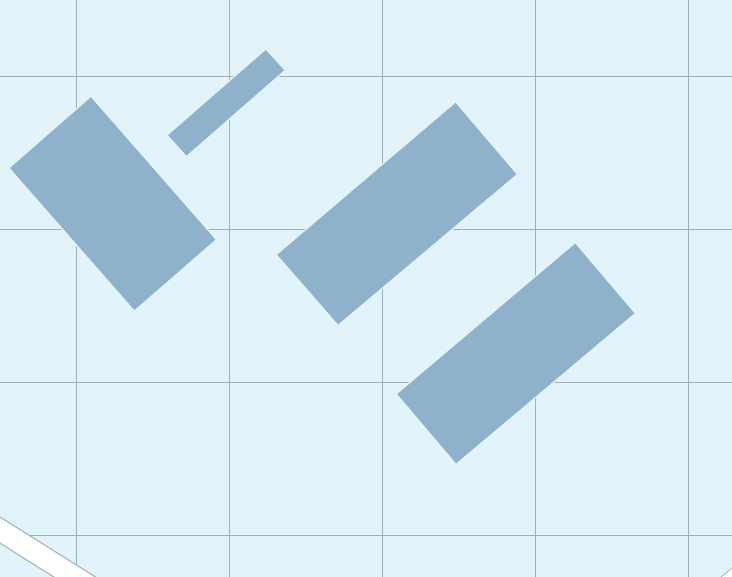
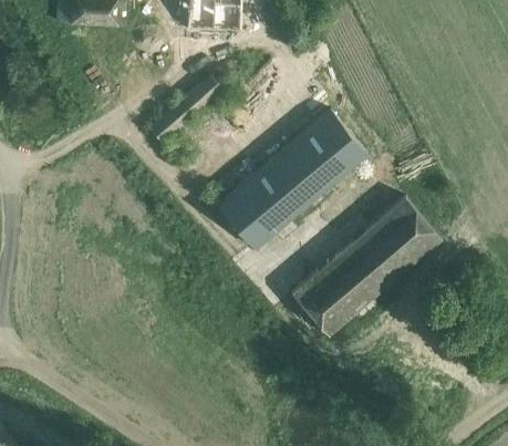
building: [9,96,217,311] -> none

